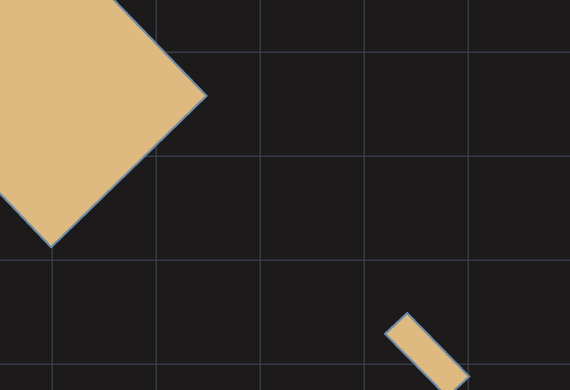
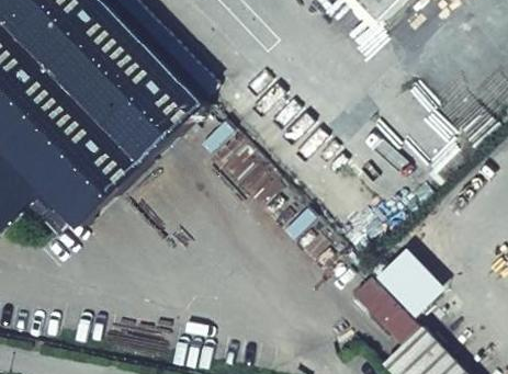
building: none -> [372,248,440,315]

